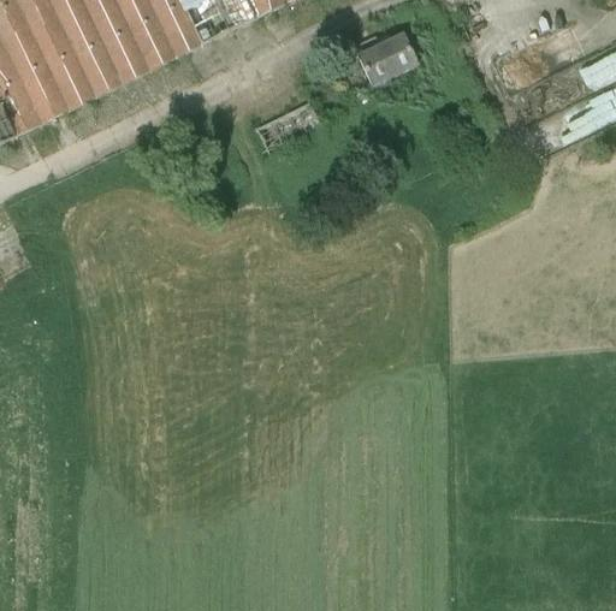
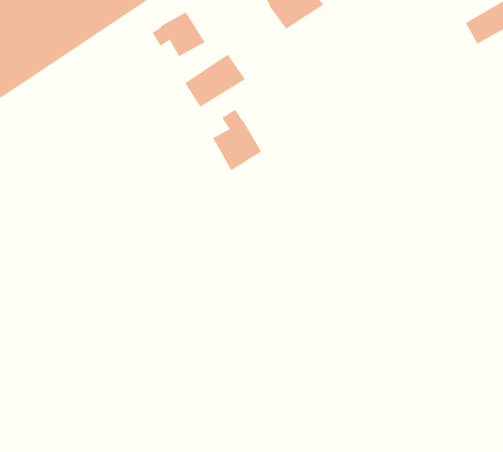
building: none -> [152,11,205,57]
building: none -> [213,109,262,171]

